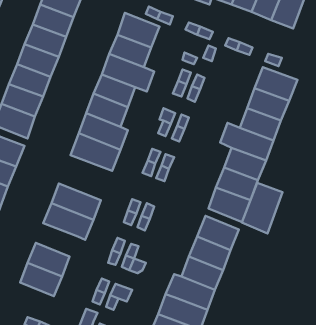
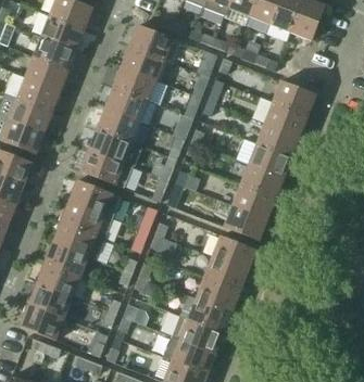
building: none -> [68,179,121,218]
building: [242,183,283,233] -> none
building: none -> [45,242,88,277]
building: none -> [20,304,63,340]

